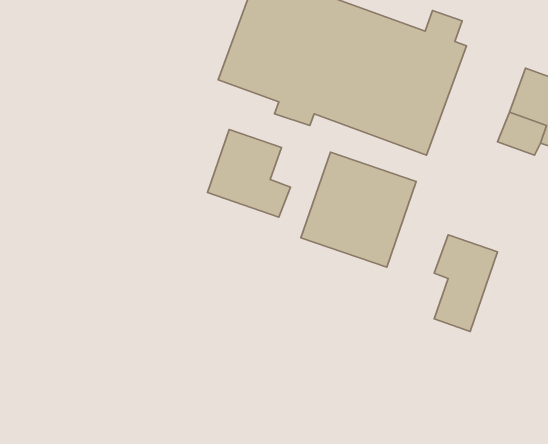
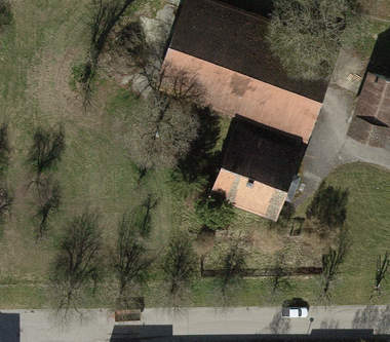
building: [208,130,291,217] -> none
building: [434,235,498,331] -> none

